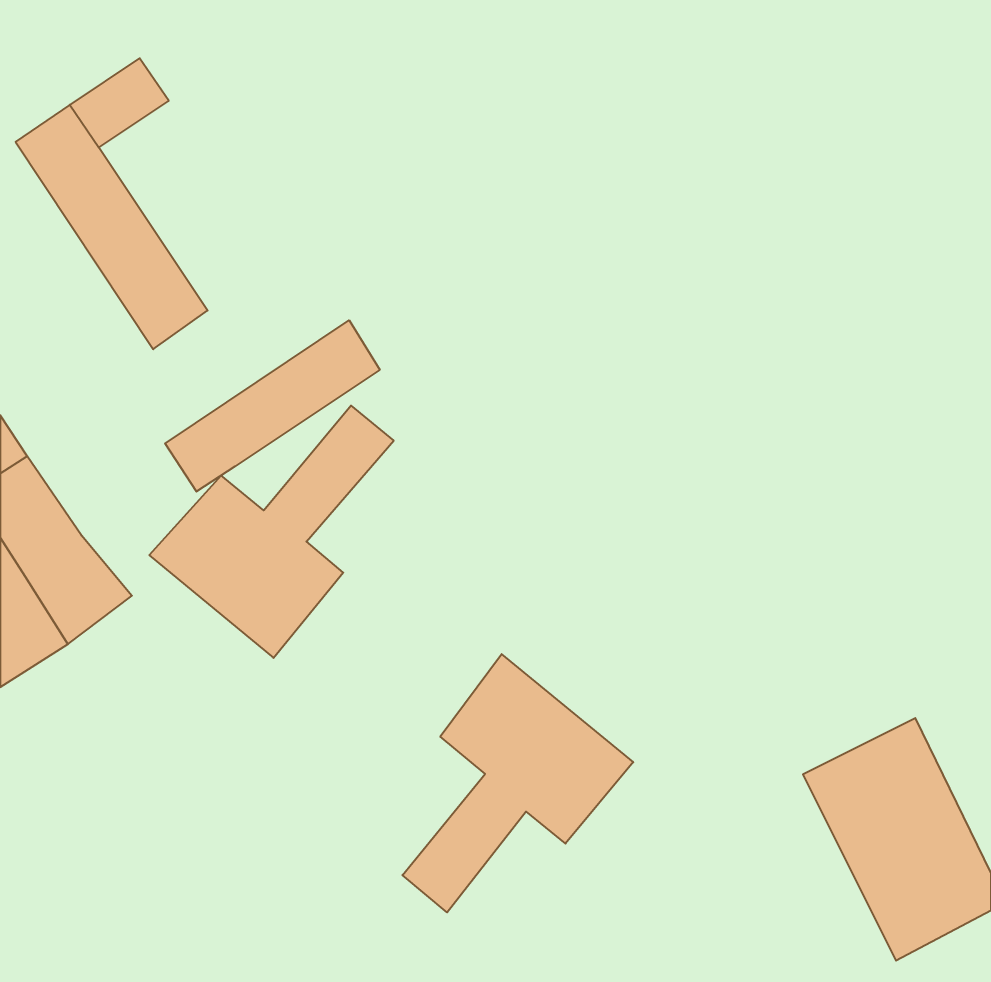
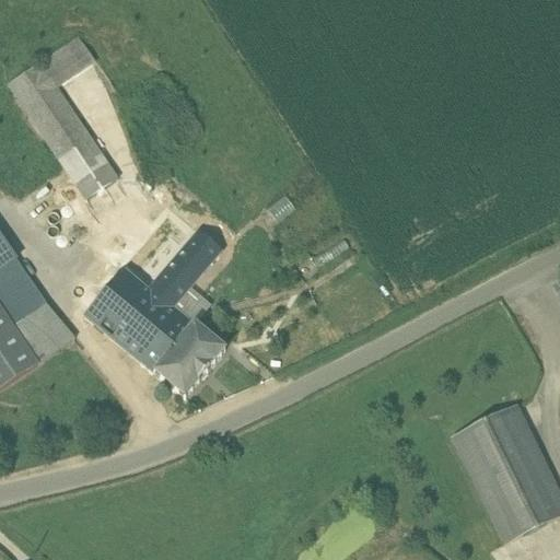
building: [165,320,380,492] -> none
building: none -> [154,323,225,396]
building: [402,654,633,912] -> none

